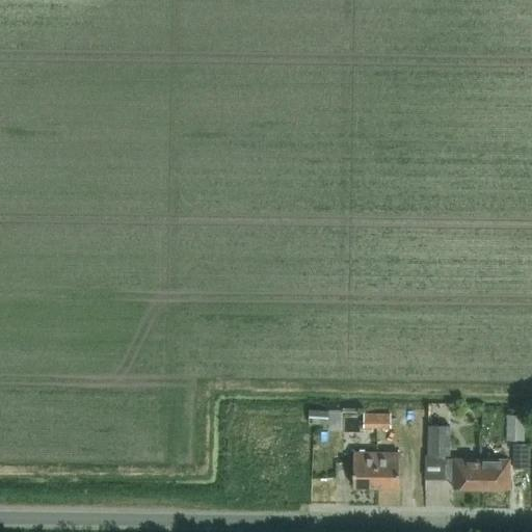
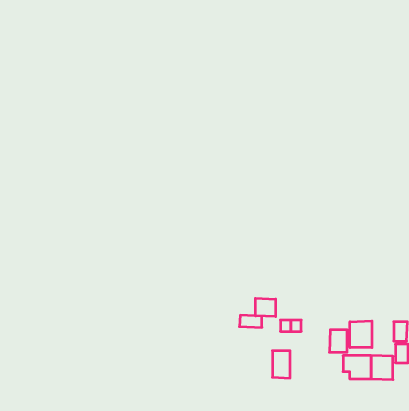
building: none -> [255,298,276,317]
building: none -> [350,321,372,348]
building: [375,453,398,488] -> none

